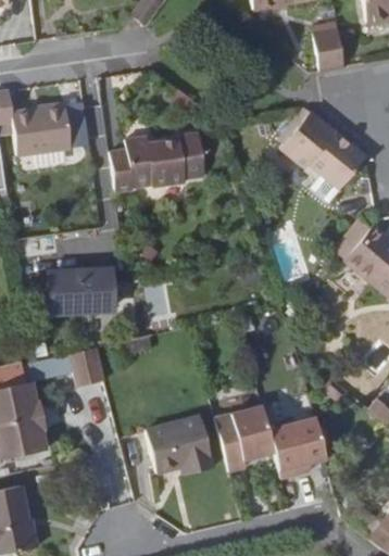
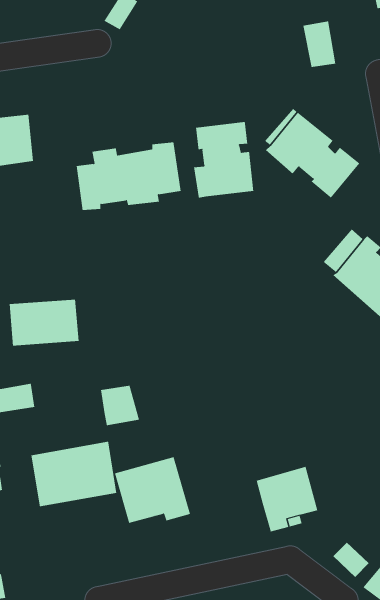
building: none -> [194,121,254,199]
building: [70,346,105,383] -> [100,385,140,426]
building: none -> [31,441,117,507]
building: [219,415,278,479] -> none

